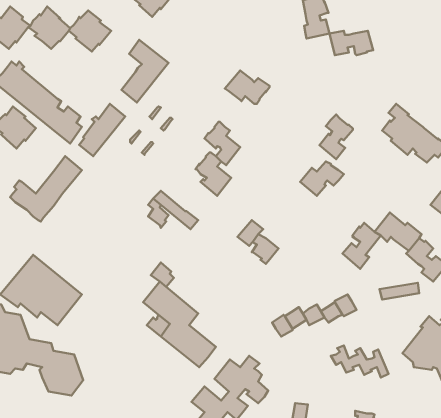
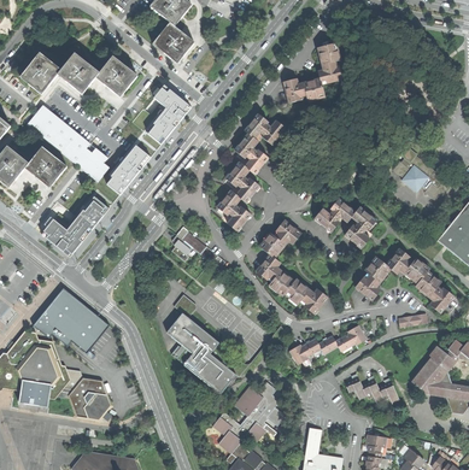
building: [330,31,373,55] -> [283,78,324,101]
building: none -> [234,133,268,174]
building: [319,115,353,159] -> [345,206,376,248]
building: none -> [259,219,300,258]
building: none -> [285,278,327,313]

